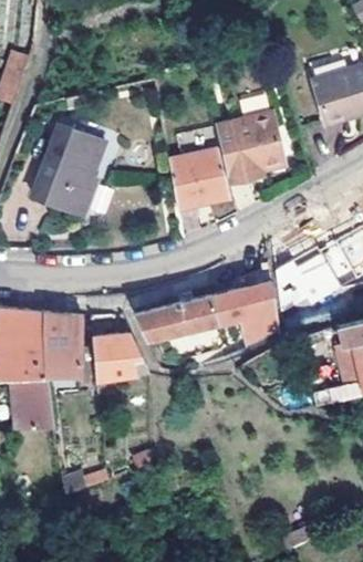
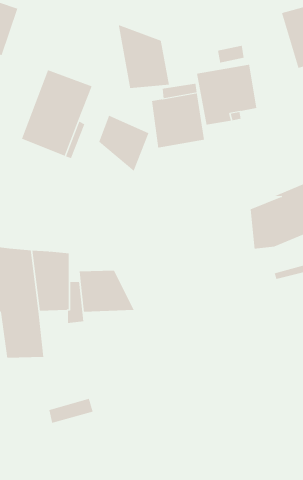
building: none -> [118,24,170,89]
building: none -> [99,115,149,172]
building: [133,282,279,345] -> none

